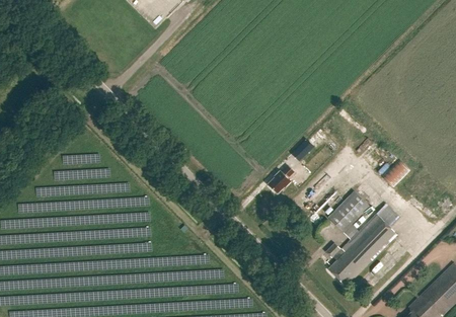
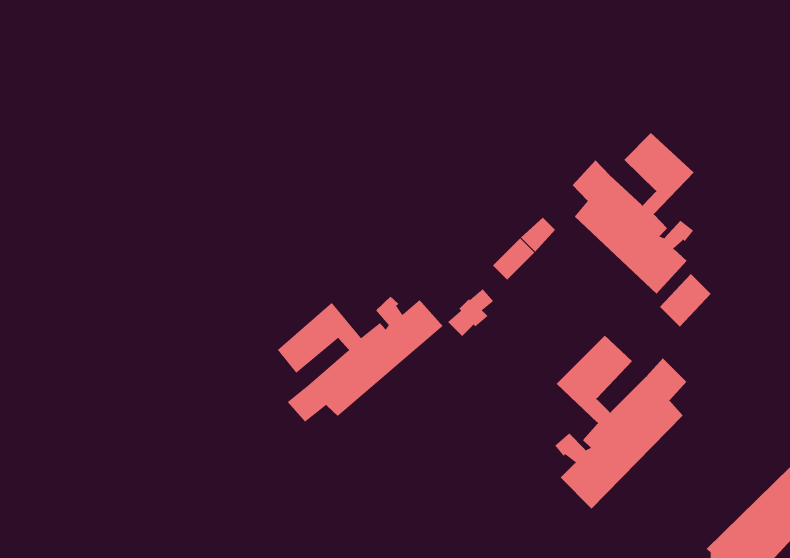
building: none -> [572,132,695,294]
building: none -> [277,296,443,422]

